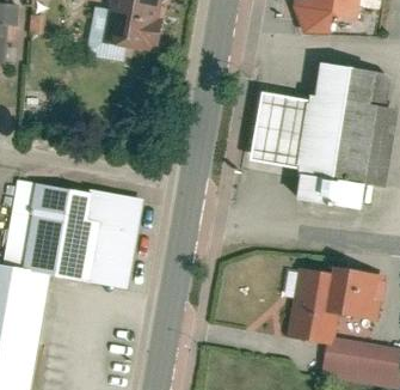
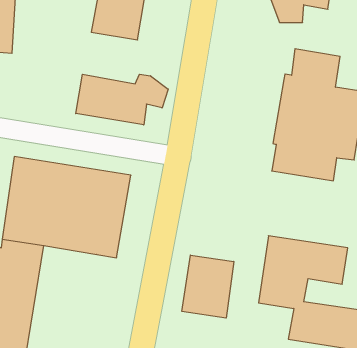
building: [250,87,310,165] -> none
building: none -> [76,74,168,125]
building: none -> [182,255,234,318]

